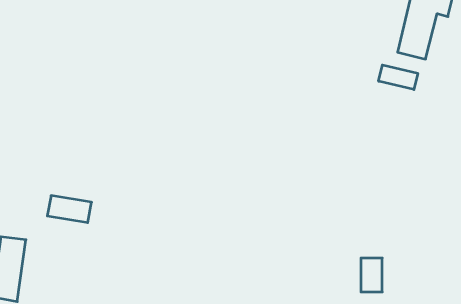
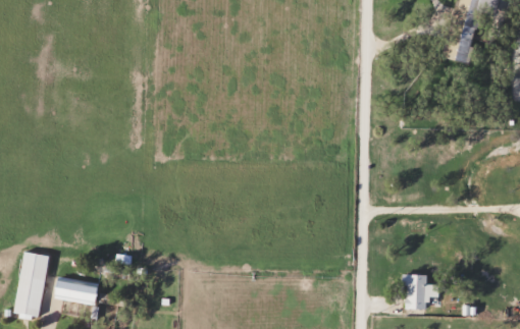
building: [379,65,418,90] -> none
building: [47,196,92,223] -> [53,276,100,305]

